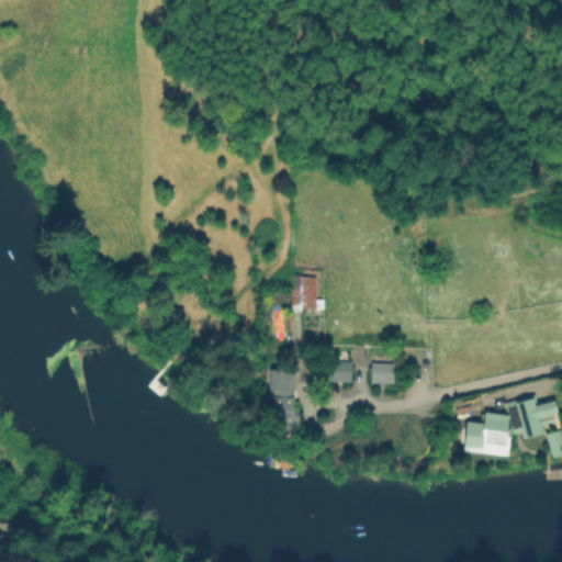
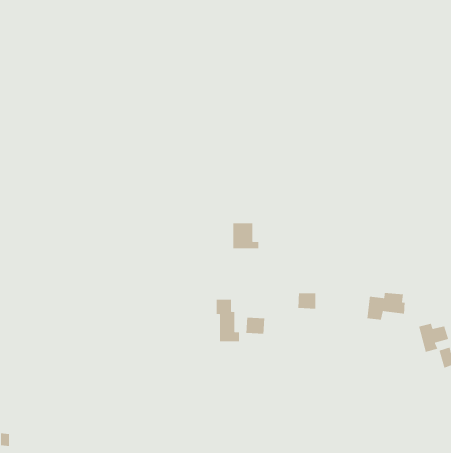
building: [328,360,352,382] -> [246,317,265,335]
building: [467,416,515,451] -> [367,292,406,321]

